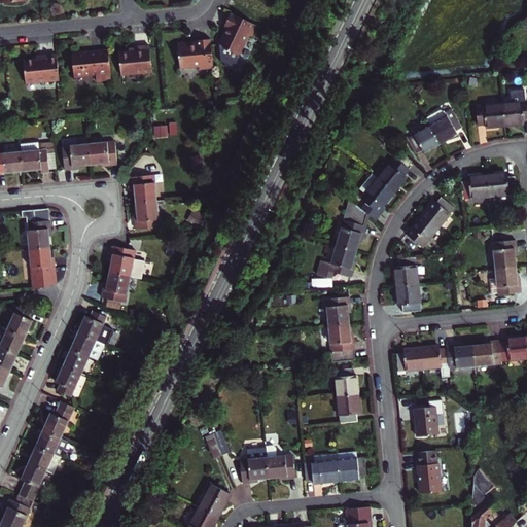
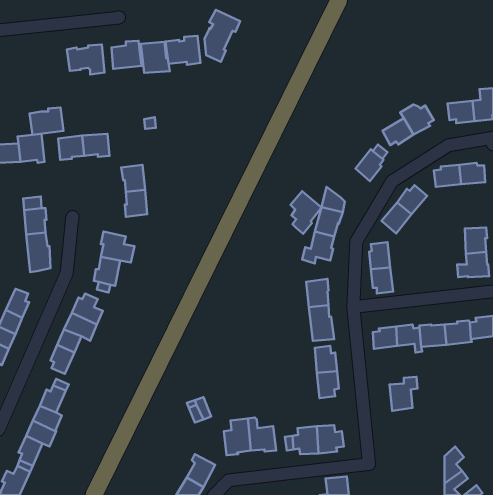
building: none -> [141,42,170,73]
building: [23,52,59,81] -> [30,108,64,135]
building: [360,175,393,220] -> [290,191,321,234]
building: [417,450,441,493] -> none

